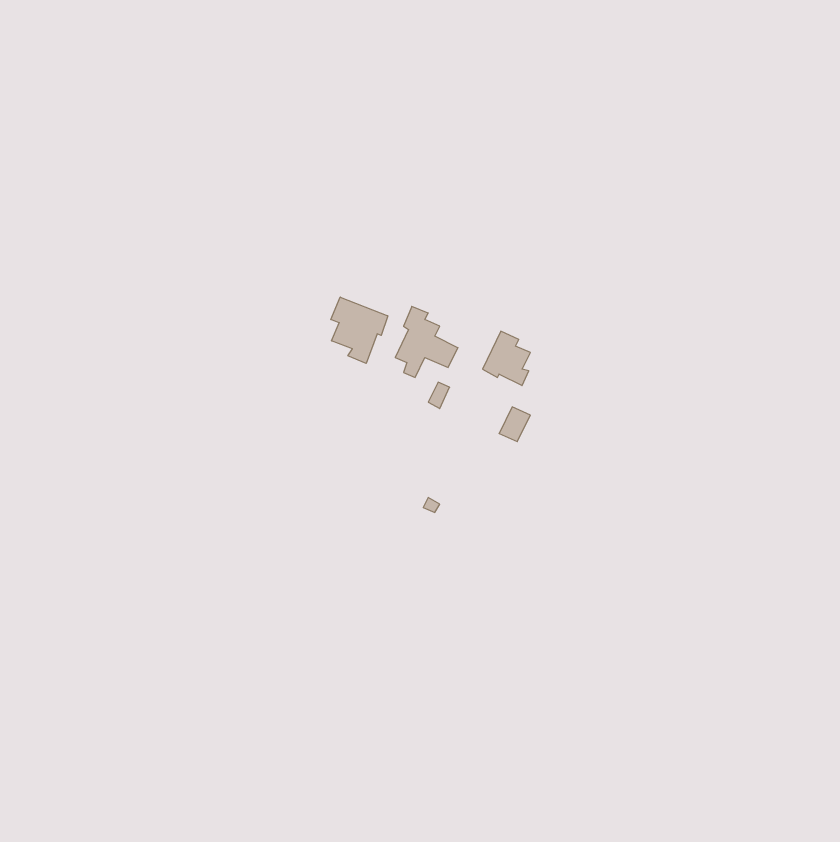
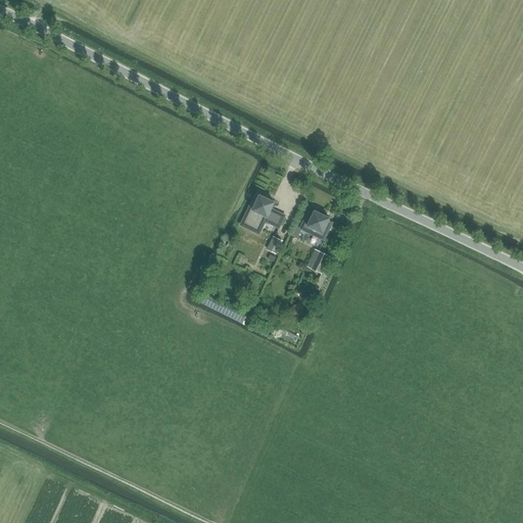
building: [331,297,388,363] -> none

